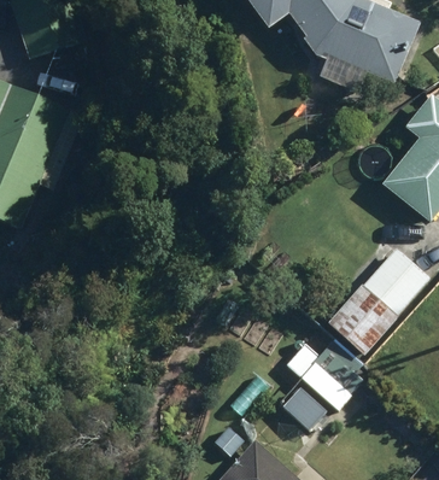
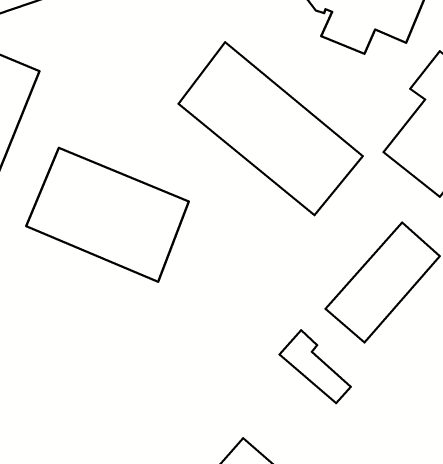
building: none -> [178,42,363,215]
building: none -> [26,148,189,282]

